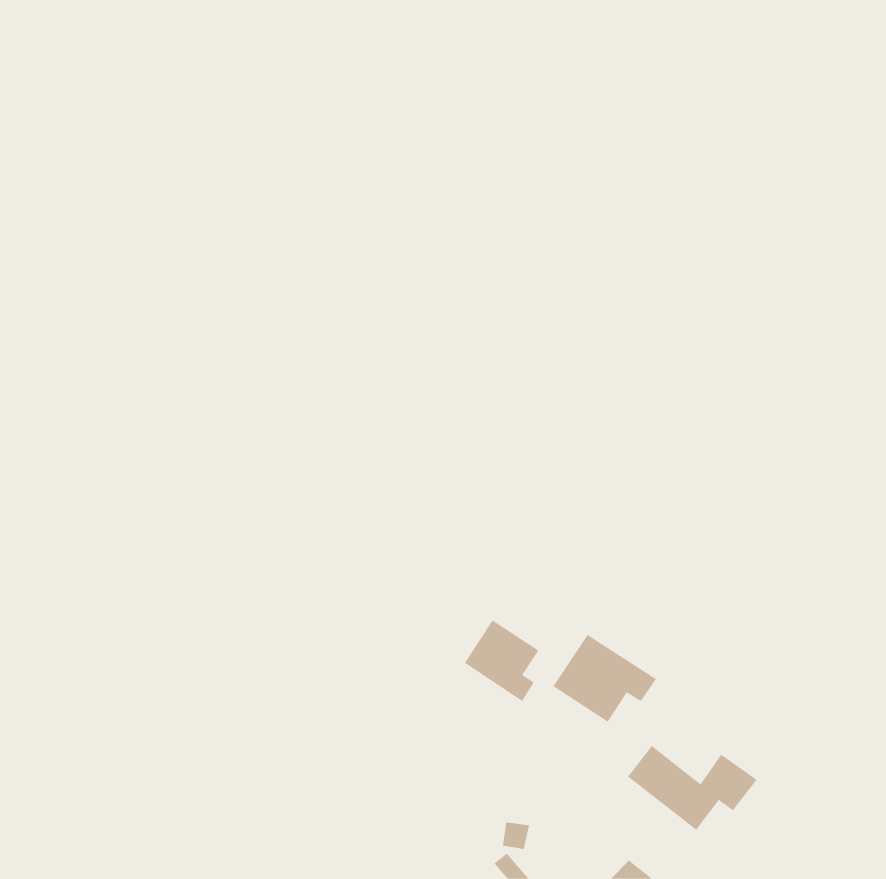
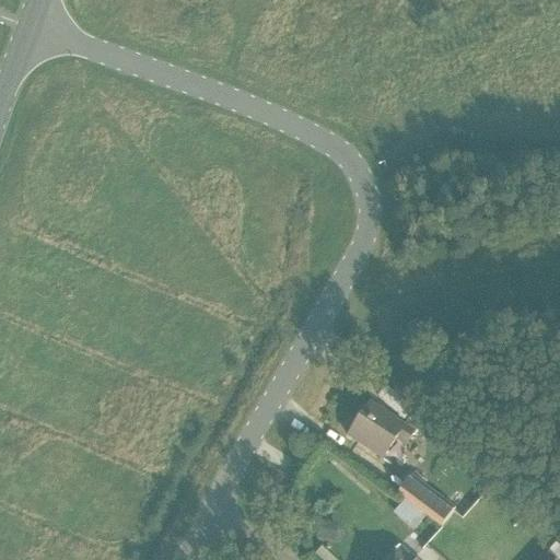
building: [464,619,539,702] -> none

